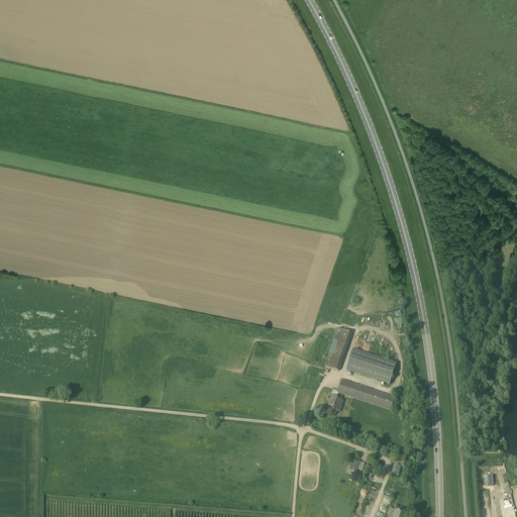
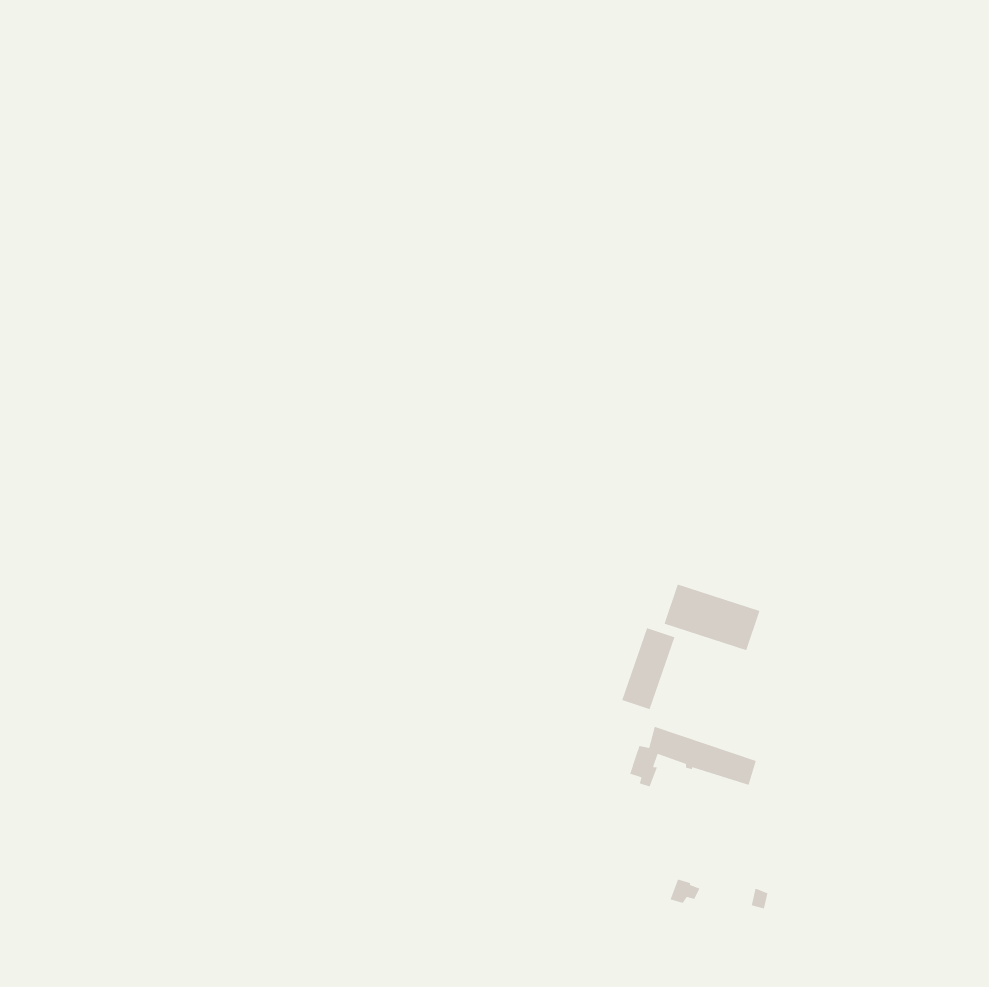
building: [346,348,397,384] -> [664,583,760,651]

